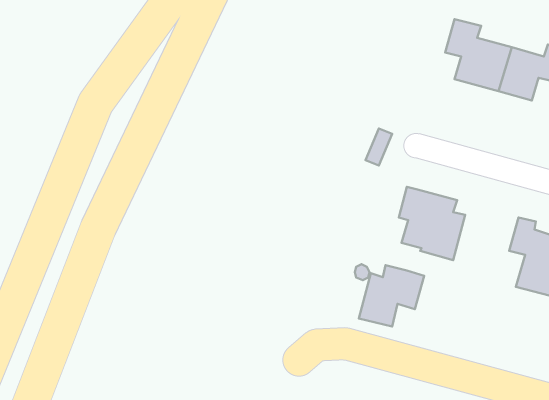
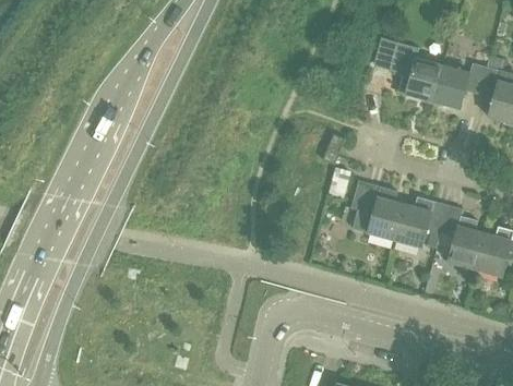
building: [359,265,424,326] -> [395,196,449,246]

